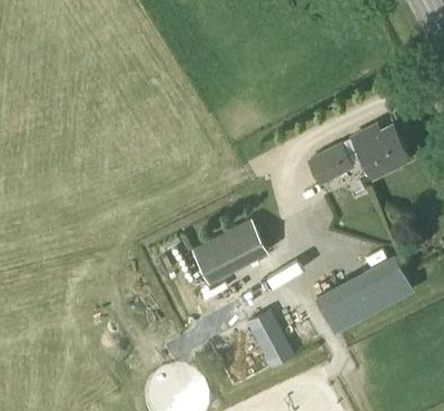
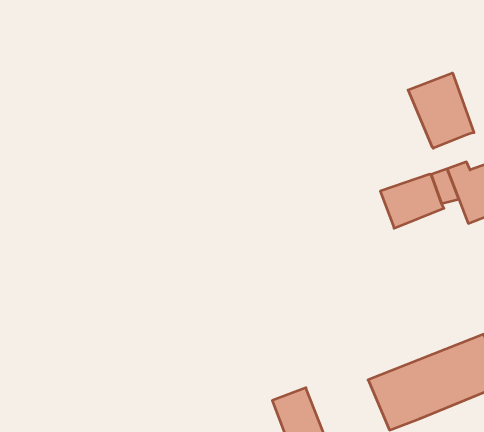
building: none -> [408,73,474,148]
building: [193,224,268,286] -> none

